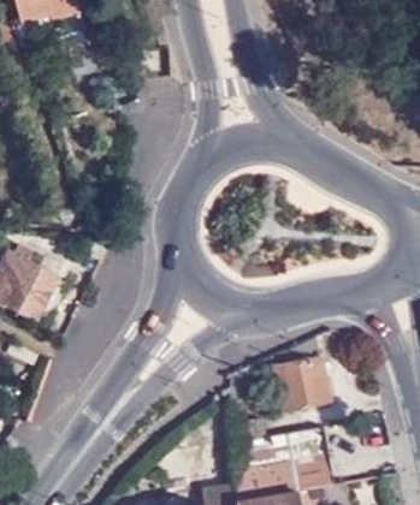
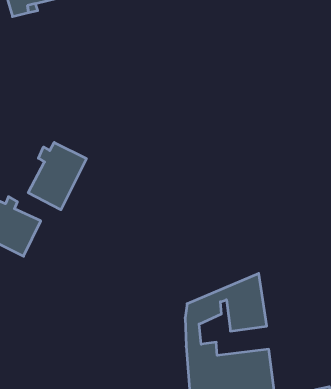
building: none -> [28,142,86,210]

